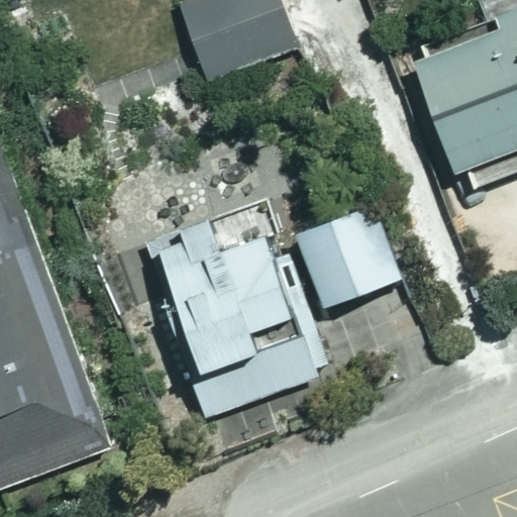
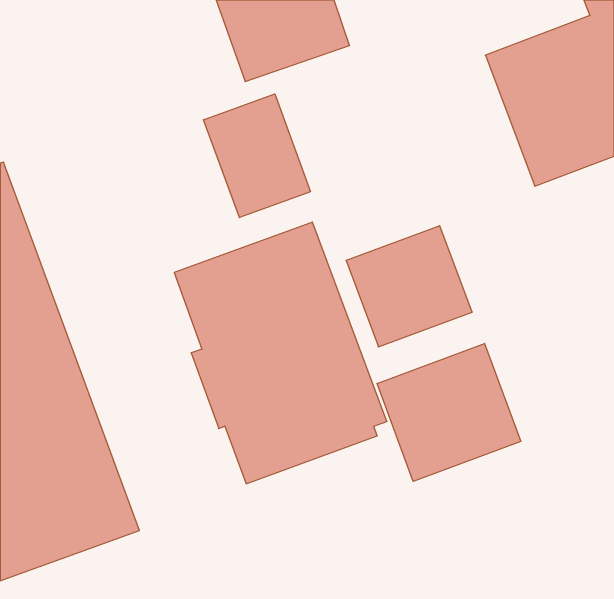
building: none -> [203,94,311,218]
building: none -> [377,343,521,481]

